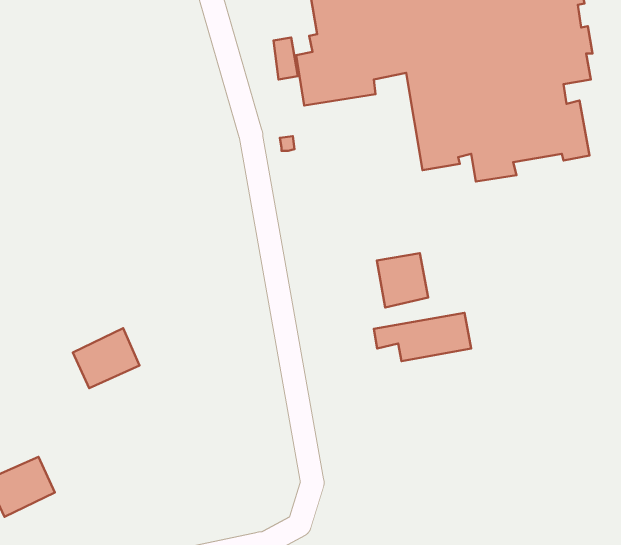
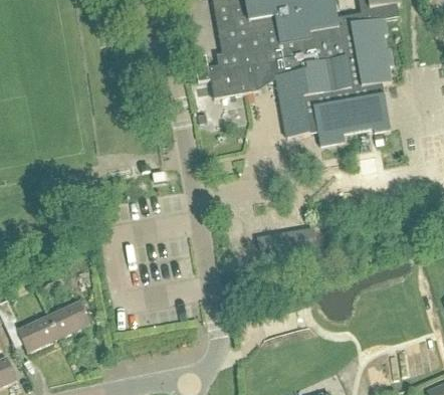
building: [377,253,428,307] -> none
building: [73,328,139,388] -> [49,302,90,339]

